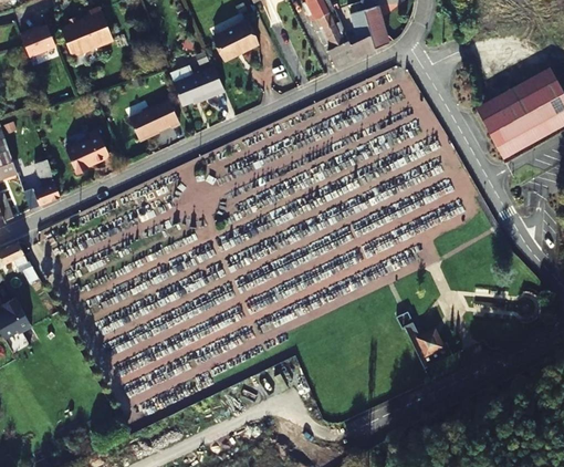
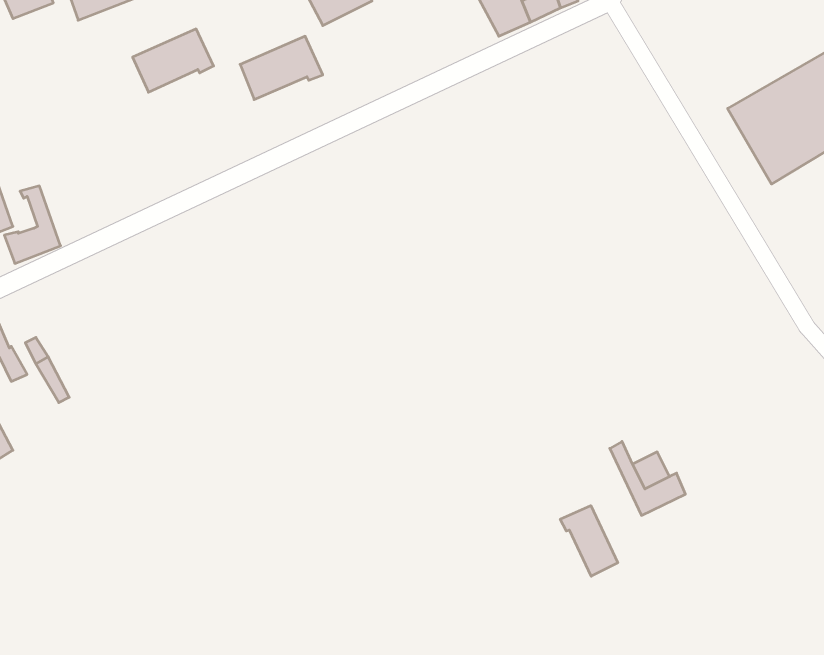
building: [129,101,180,141] -> [133,29,214,92]
building: [65,129,109,175] -> none
building: none -> [560,506,618,576]

